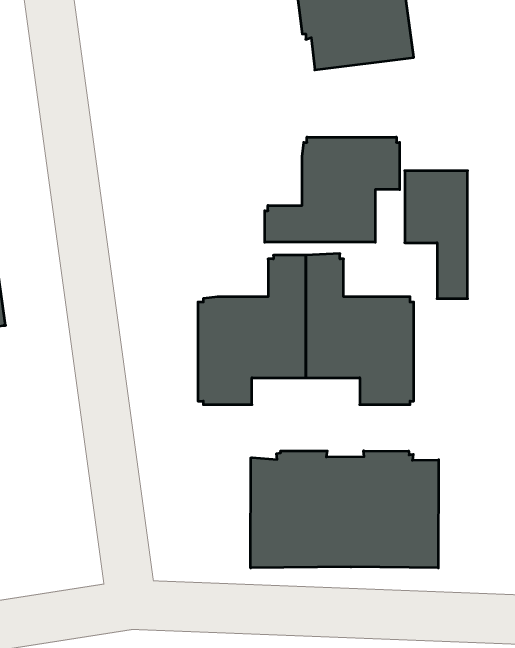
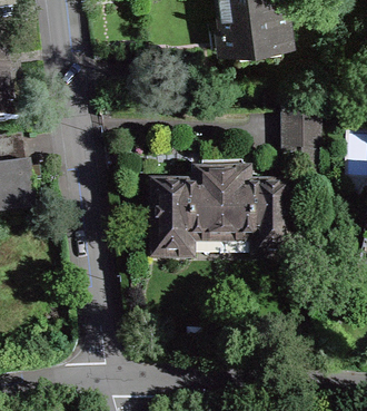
building: [265,137,400,242] -> none
building: [251,451,439,568] -> none

